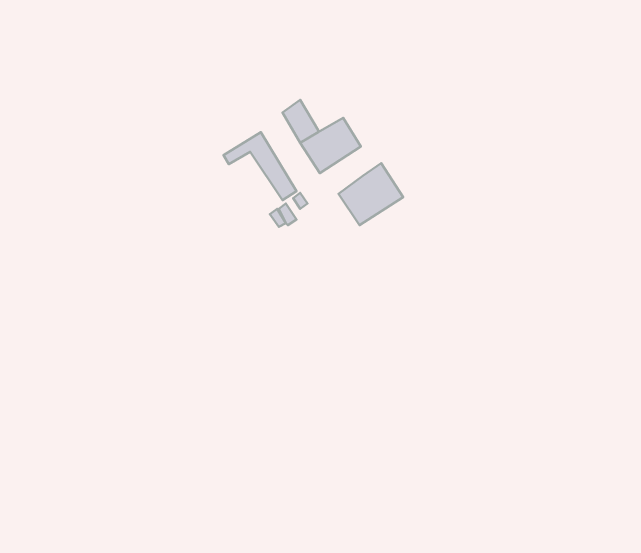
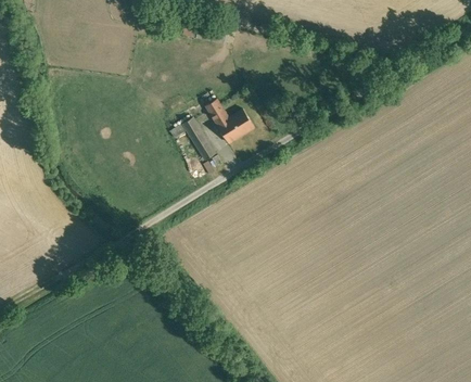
building: [338,163,403,225] -> none

